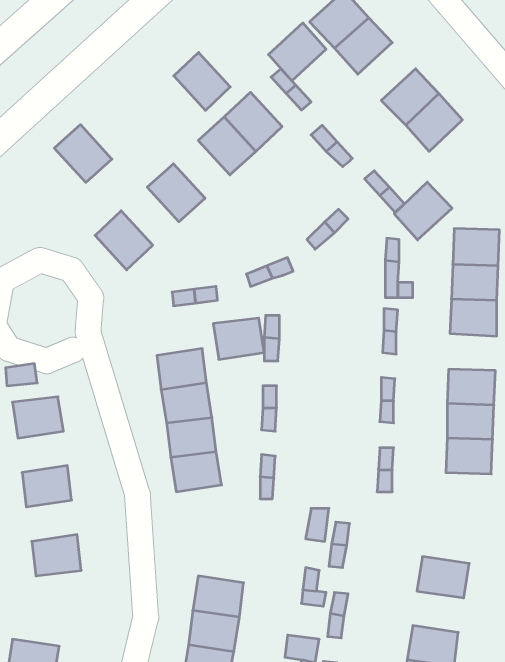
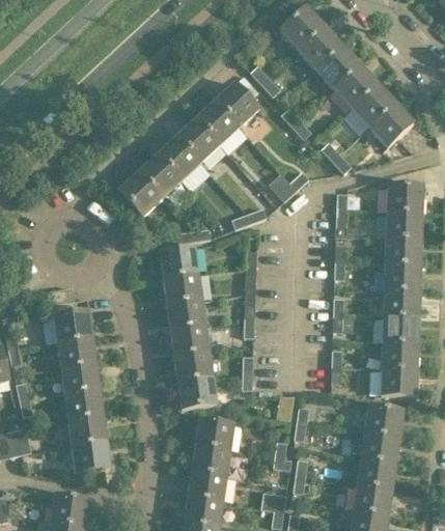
building: [268,23,326,81] -> [315,46,359,89]
building: [174,52,230,110] -> [176,119,219,163]
building: [54,125,112,182] -> [137,155,180,198]
building: [394,182,452,240] -> [369,104,413,147]
building: [213,318,264,359] -> [160,250,198,281]
building: none -> [384,264,420,292]
building: none -> [59,338,96,369]
building: none -> [381,369,416,397]
building: none -> [178,379,216,411]
building: none -> [65,390,104,421]
building: none -> [364,406,402,438]
building: none -> [195,420,233,452]
building: none -> [73,443,111,474]
building: none -> [357,458,395,490]

